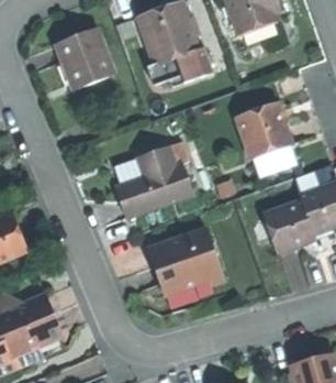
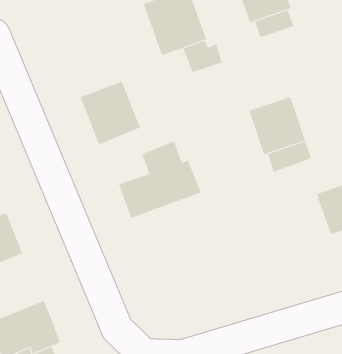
building: [55,28,112,88] -> [80,81,141,145]
building: [264,199,314,250] -> none
building: [148,227,221,286] -> none

